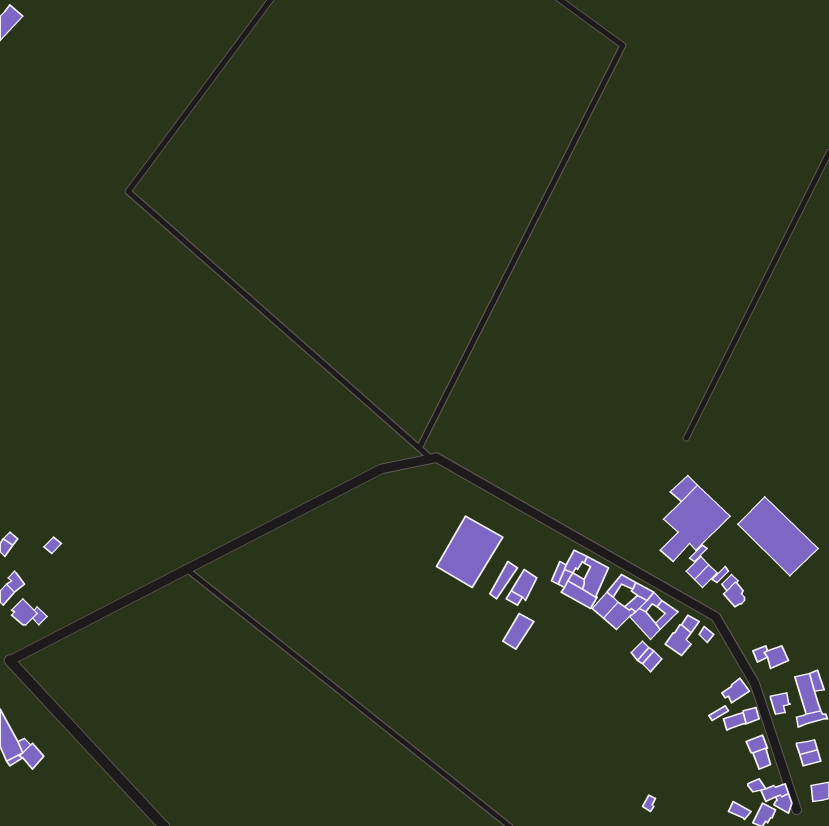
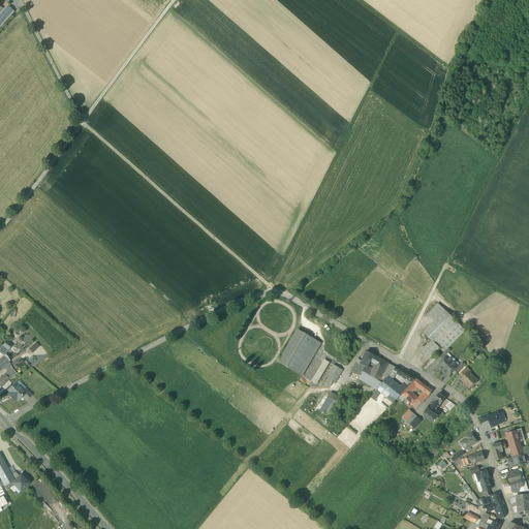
building: [738,497,818,576] -> none

